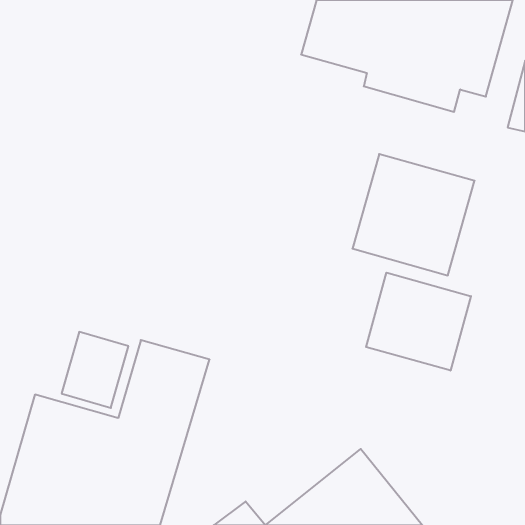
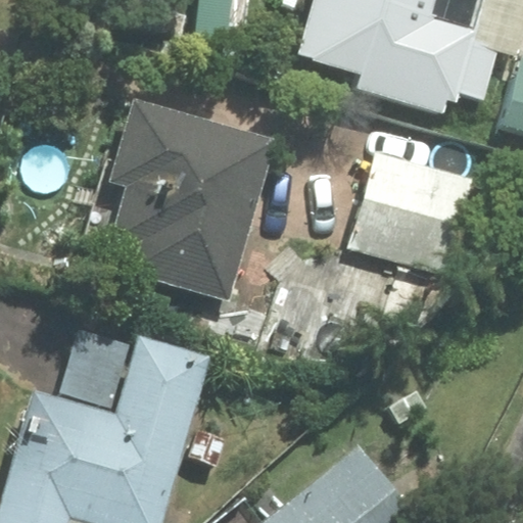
building: none -> [111,100,272,297]
building: [366,273,471,371] -> none

